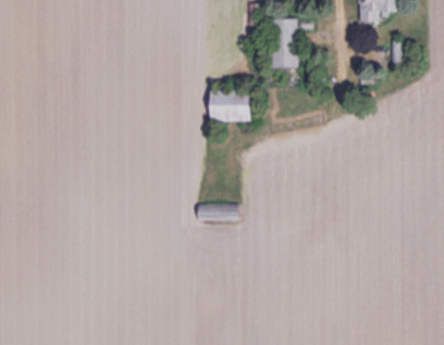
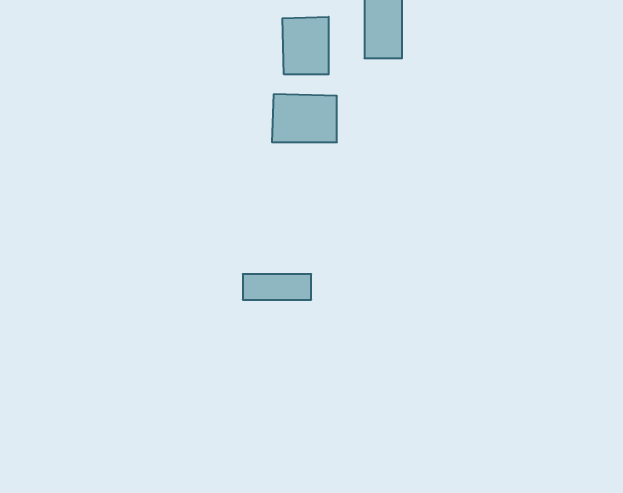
building: none -> [282,17,329,74]

